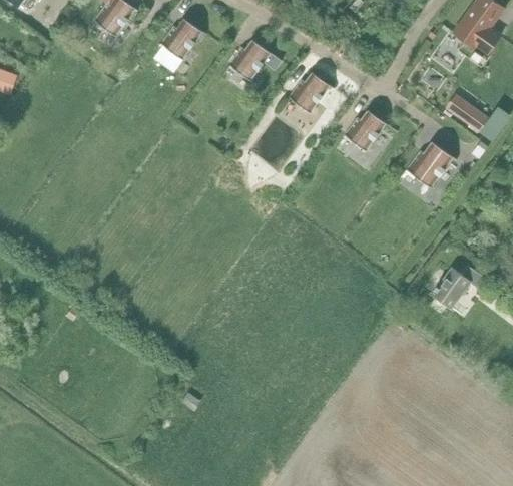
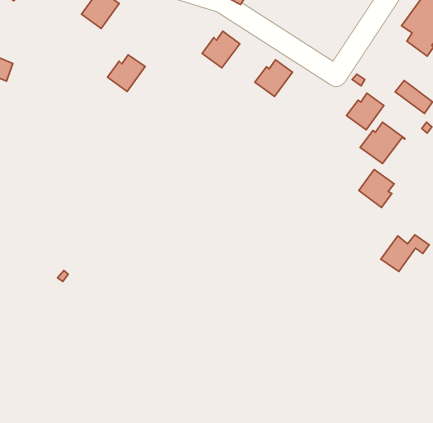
building: [161,18,203,59] -> [108,55,145,91]
building: [345,109,387,150] -> [346,93,384,130]
building: none -> [359,169,394,208]

